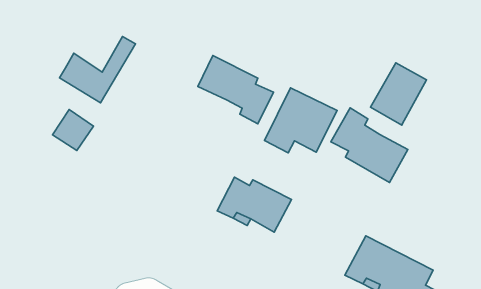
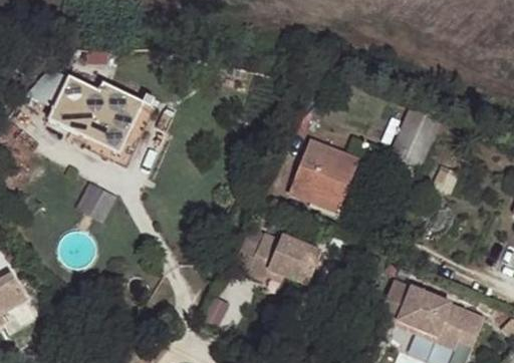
building: none -> [50,79,143,139]
building: [198,56,274,124] -> none
building: [331,108,408,183] -> none

